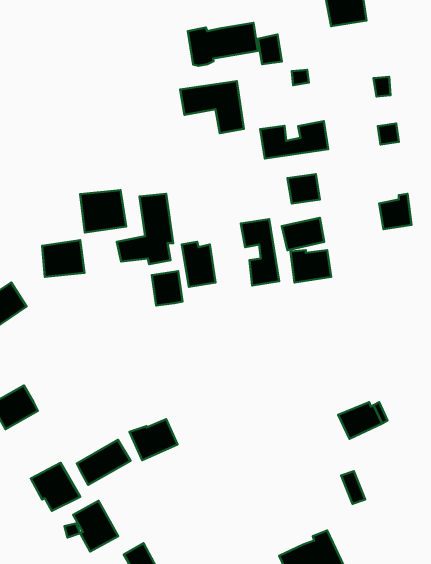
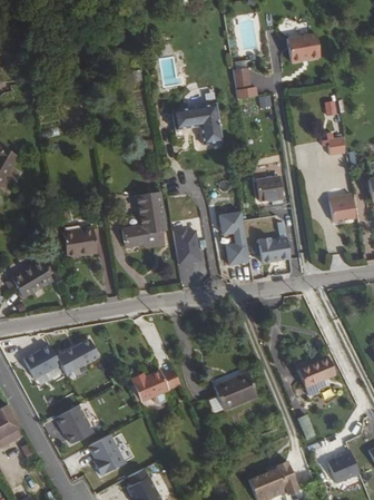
building: [188,23,258,66] -> none
building: [260,121,328,159] -> none
building: [80,190,126,233] -> none
building: [152,271,183,306] -> none
building: none -> [213,370,257,408]
building: [77,440,131,485] -> [56,337,98,373]
building: none -> [331,449,361,479]

